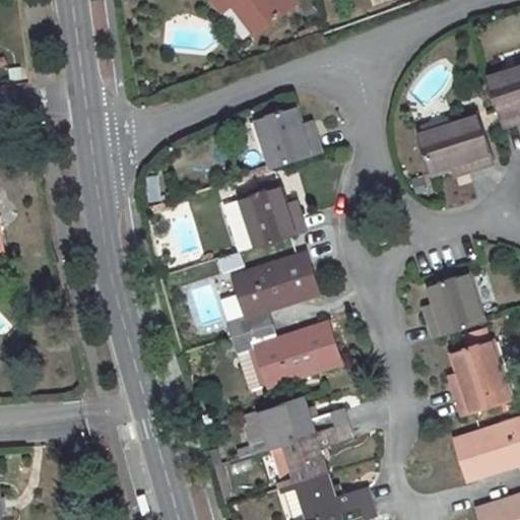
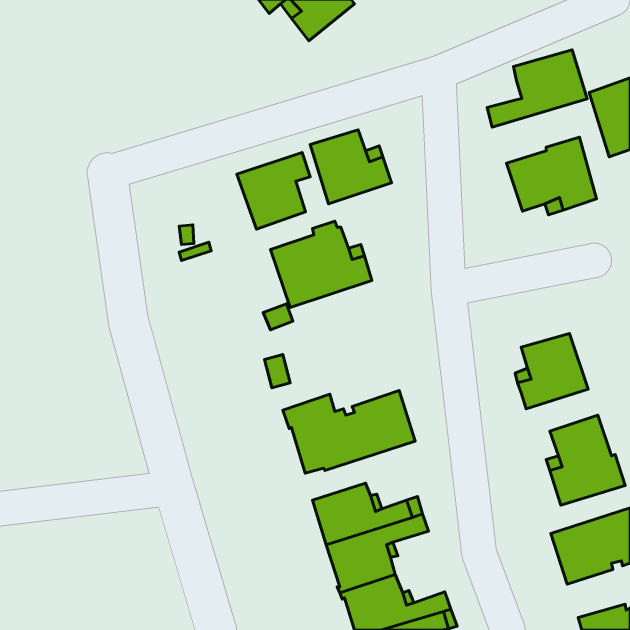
building: none -> [487,50,587,127]
building: none -> [237,153,310,229]
building: [228,253,318,337] -> none

